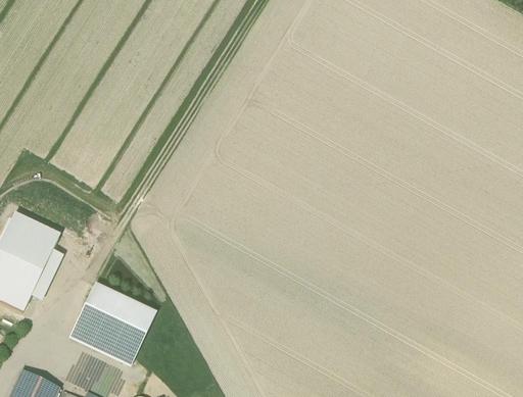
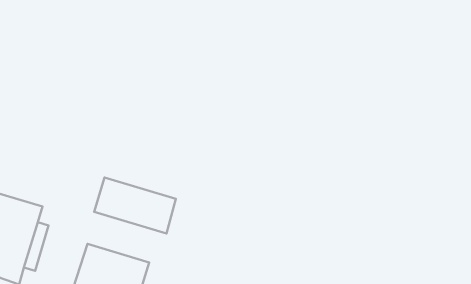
building: none -> [94,178,176,234]

